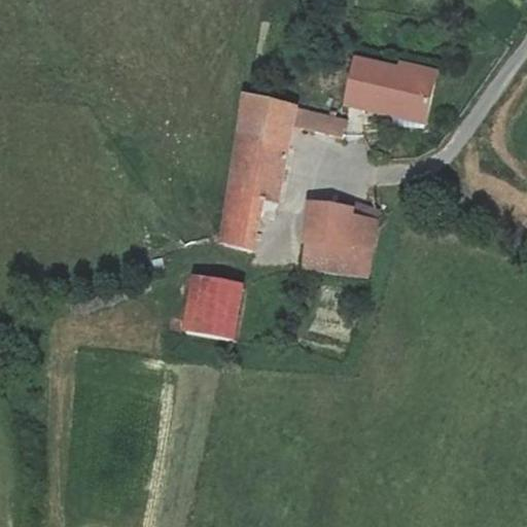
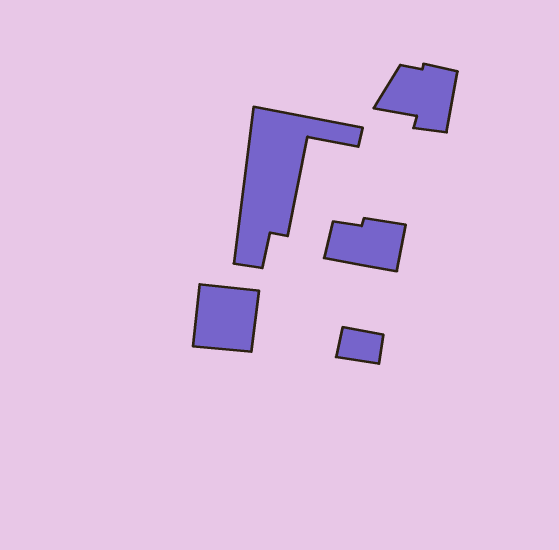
building: [343,56,378,96] -> none
building: [301,241,345,275] -> [336,327,383,364]

